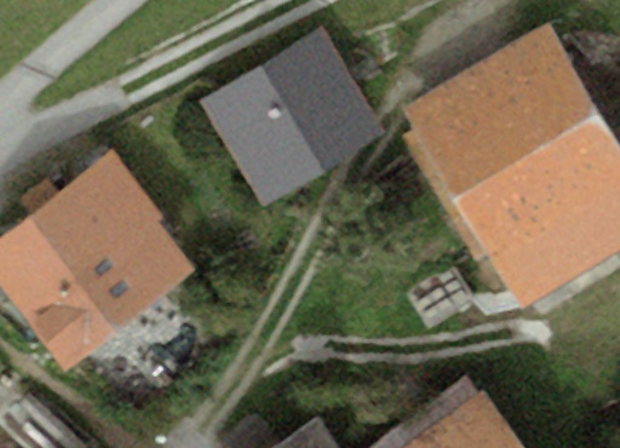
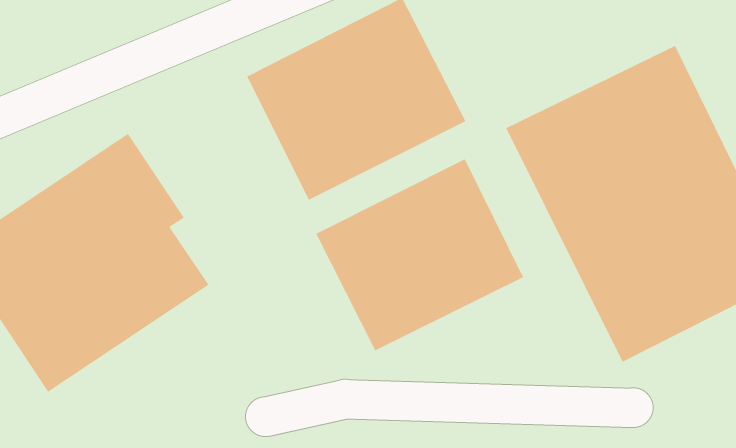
building: none -> [315,158,524,352]

